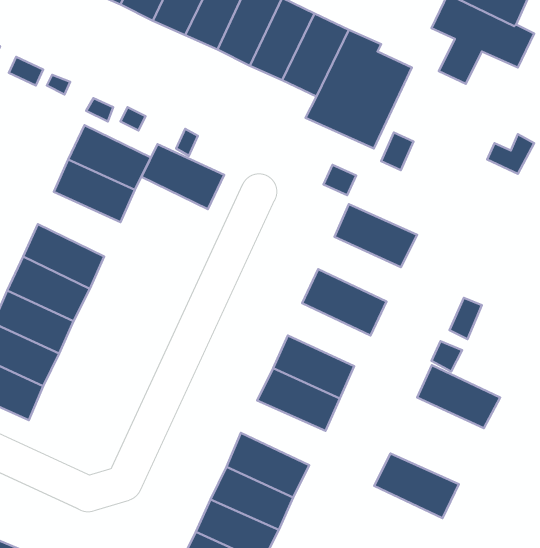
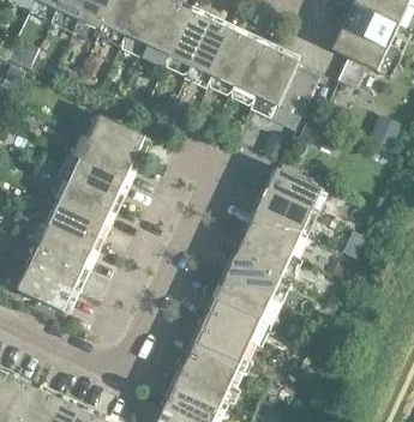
building: [141,144,224,209] -> [68,158,124,201]
building: none -> [256,188,311,231]
building: [417,365,500,428] -> [235,233,290,275]
building: [374,454,459,518] -> [204,297,260,340]

